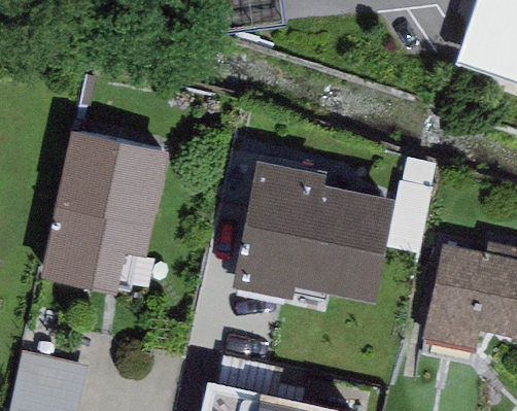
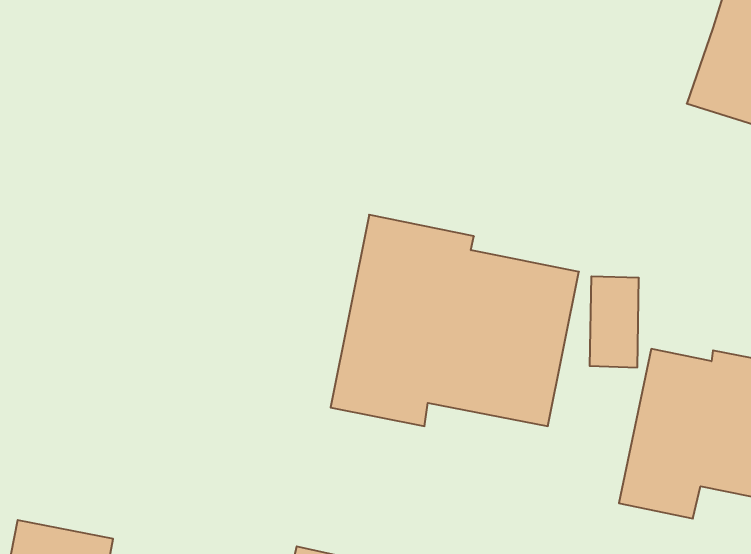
building: [40,129,165,293] -> none

